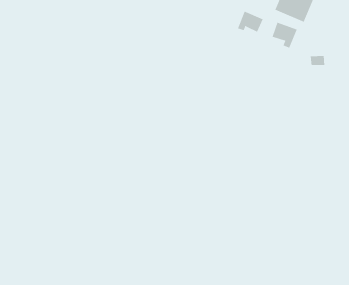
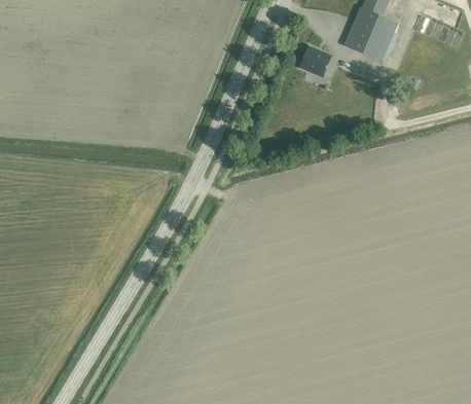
building: [272,22,298,49] -> none

